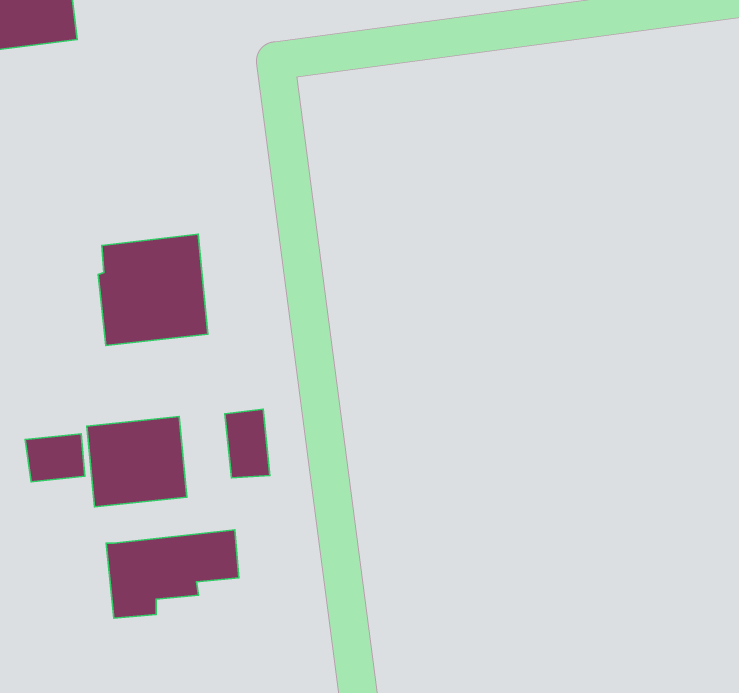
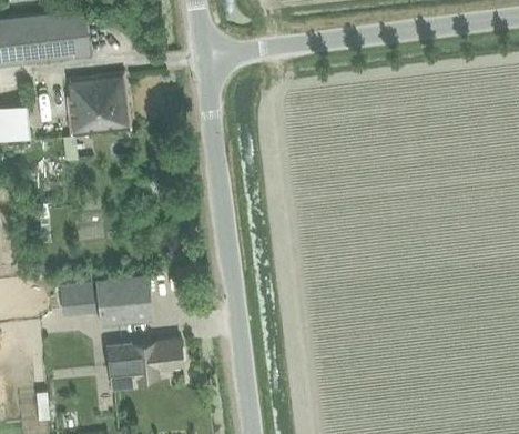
building: [98,234,208,346] -> [67,73,130,138]
building: [225,409,270,478] -> none

